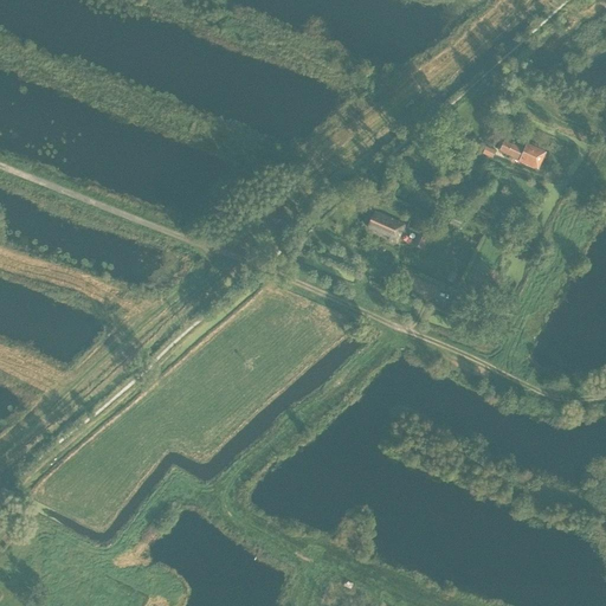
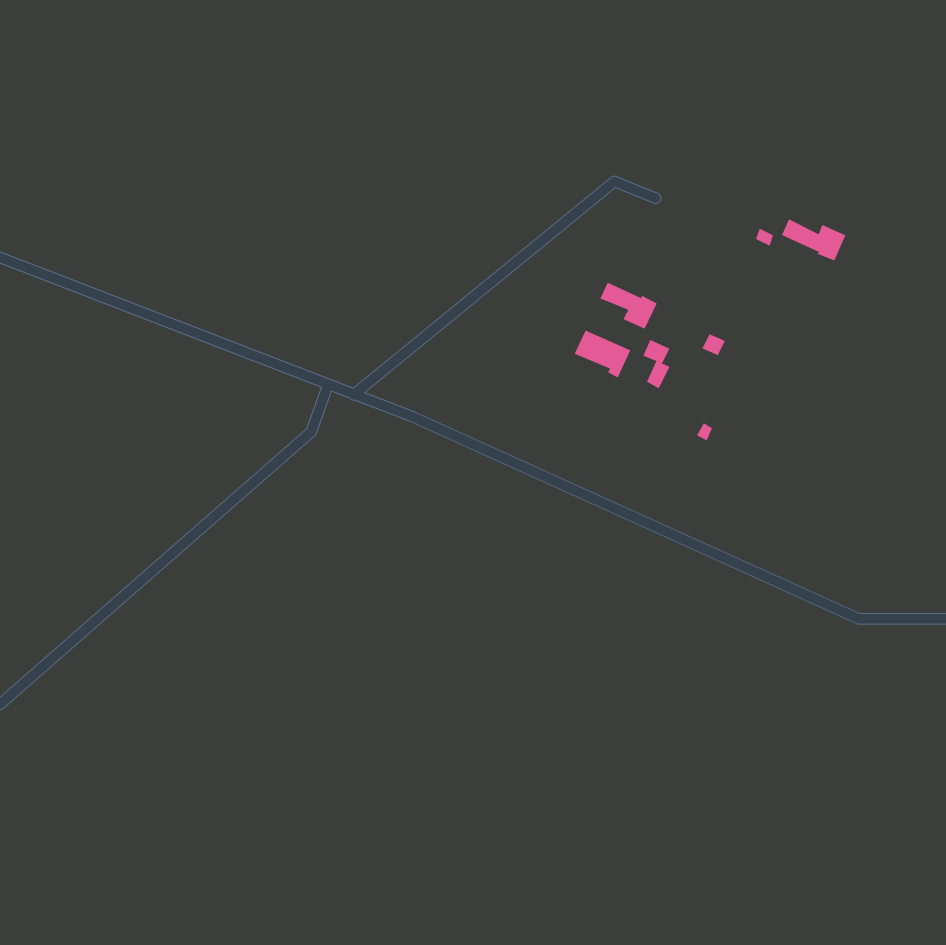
building: none -> [599,282,658,329]

